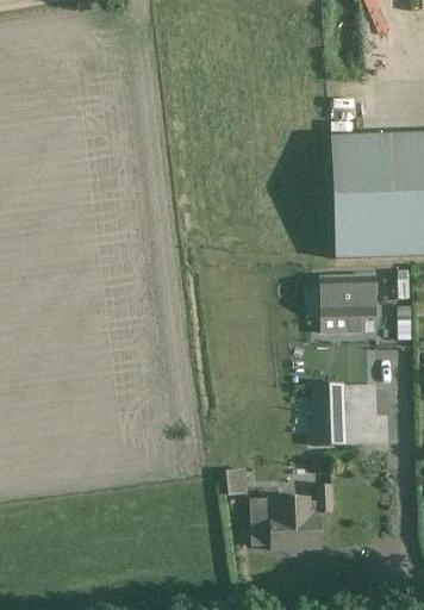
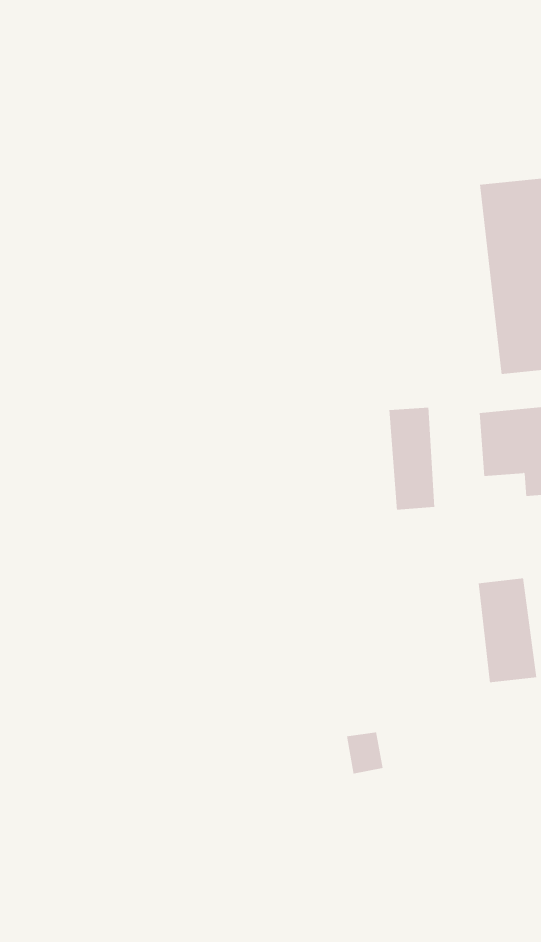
building: none -> [389,407,435,510]
building: [249,484,331,548] -> none

